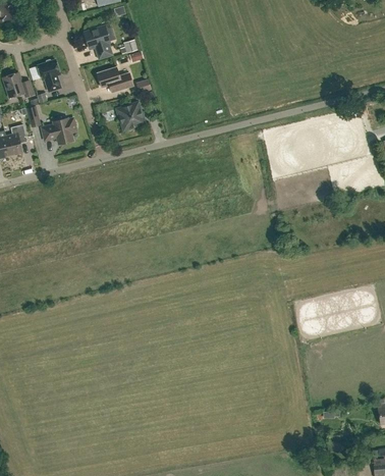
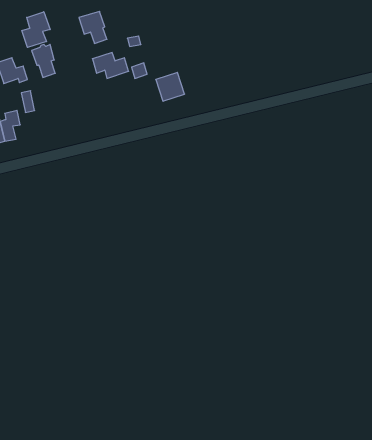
building: none -> [22,12,50,47]
building: [116,102,145,130] -> [156,72,185,101]
building: [41,120,72,144] -> none

